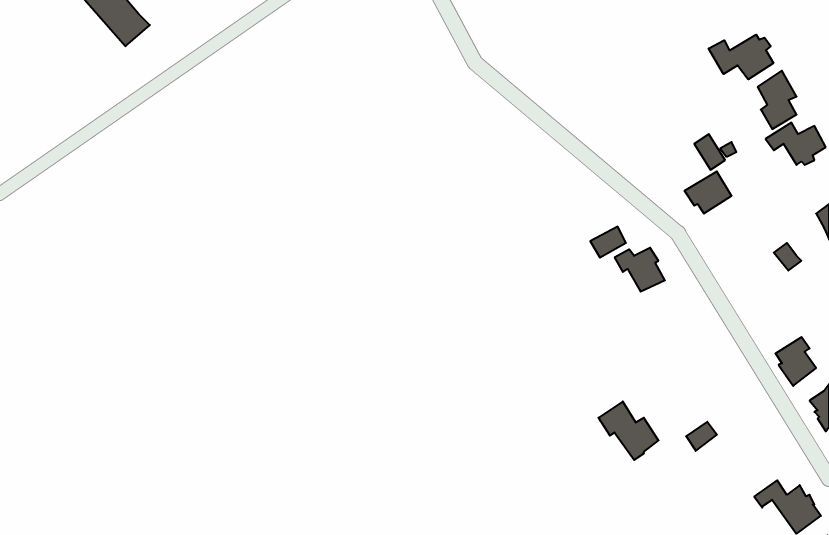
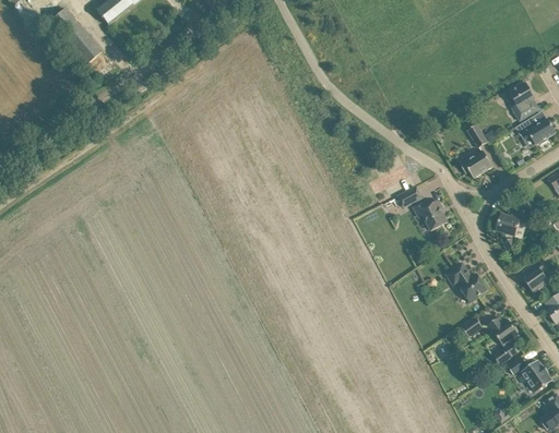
building: [709,35,773,79] -> none
building: none -> [496,213,521,250]
building: [598,401,659,460] -> [447,262,487,301]
building: none -> [487,315,520,357]

